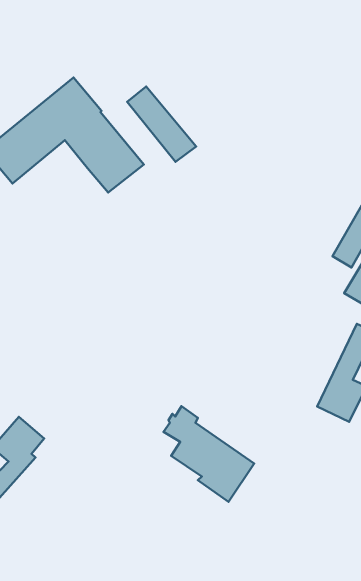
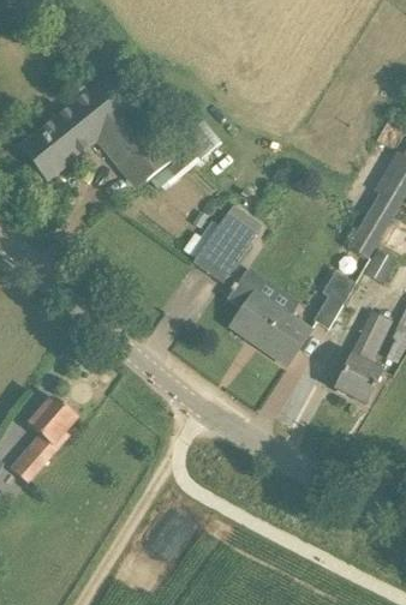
building: none -> [192,211,257,282]
building: none -> [312,269,354,328]
building: [164,406,254,502] -> [226,274,311,364]

